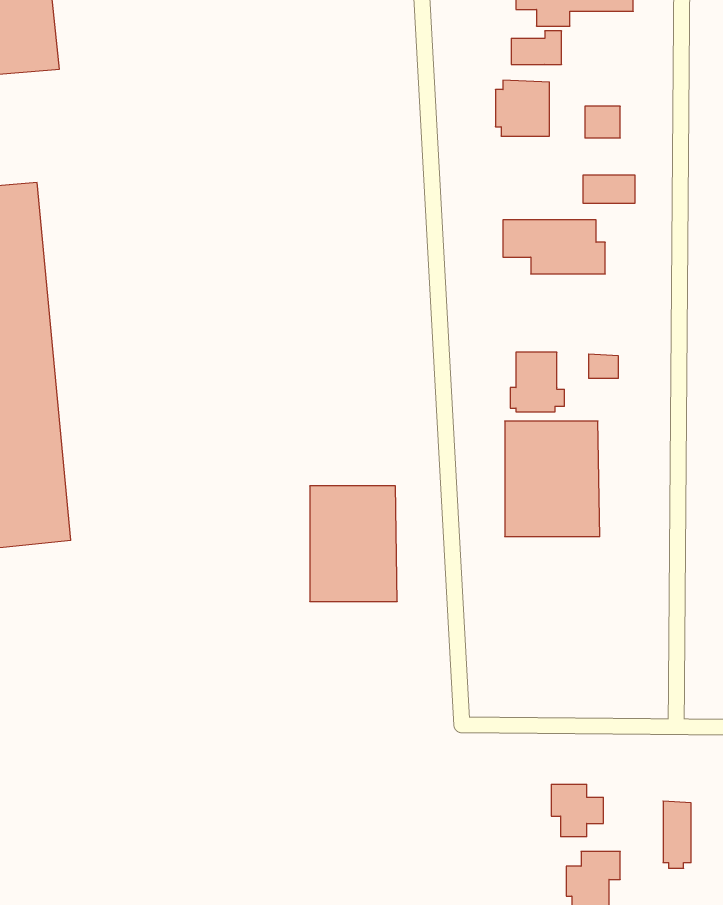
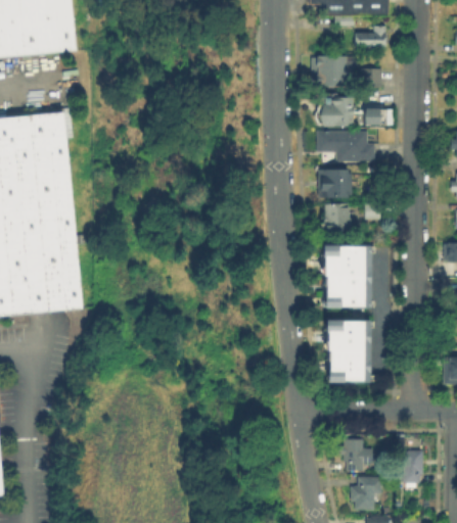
building: [511,31,562,64] -> [357,28,384,46]
building: none -> [323,98,355,125]
building: none -> [320,171,352,196]
building: [310,486,397,601] -> [322,317,370,380]

